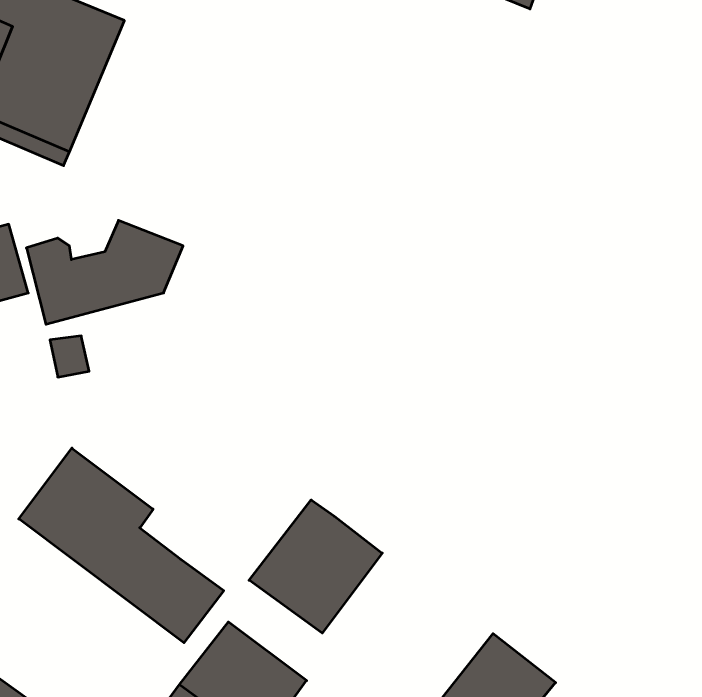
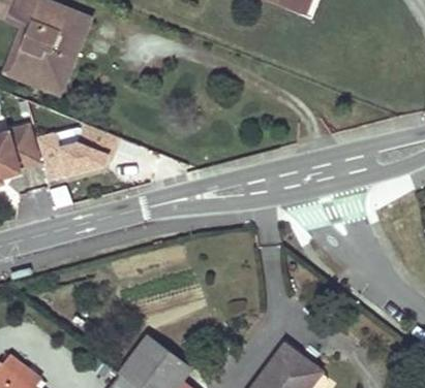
building: [19,448,224,643] -> none
building: [249,500,382,633] -> none

